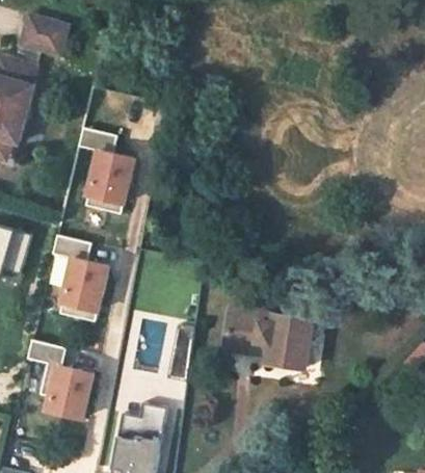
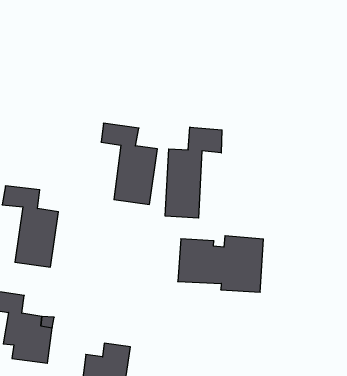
building: [79,127,135,213] -> [101,123,157,204]
building: none -> [165,127,222,218]

